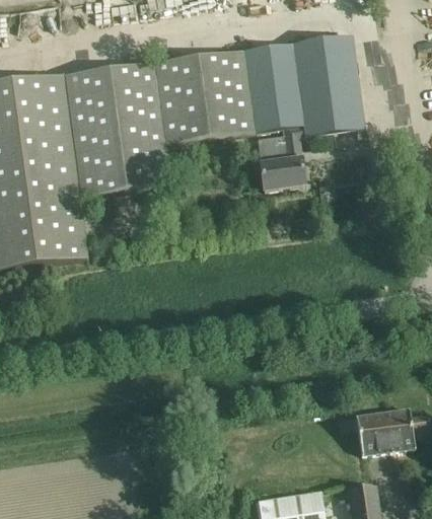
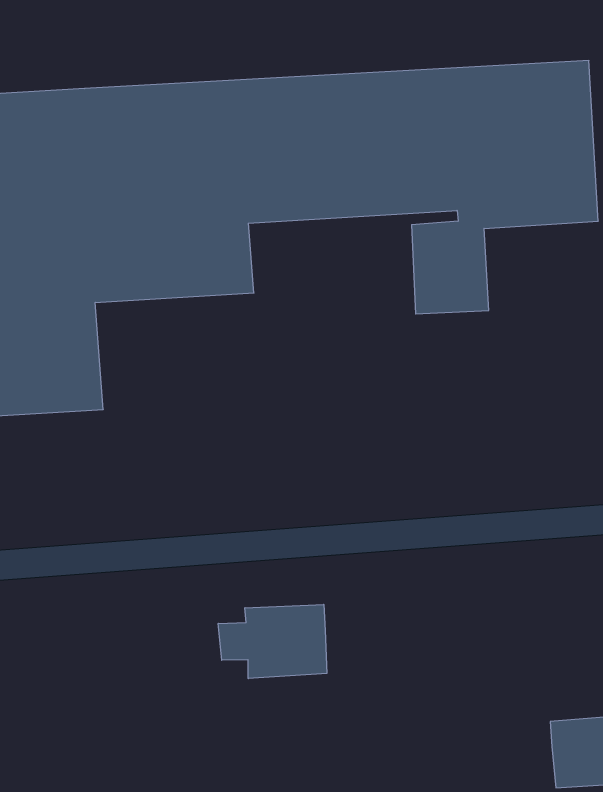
building: none -> [218,604,327,679]

